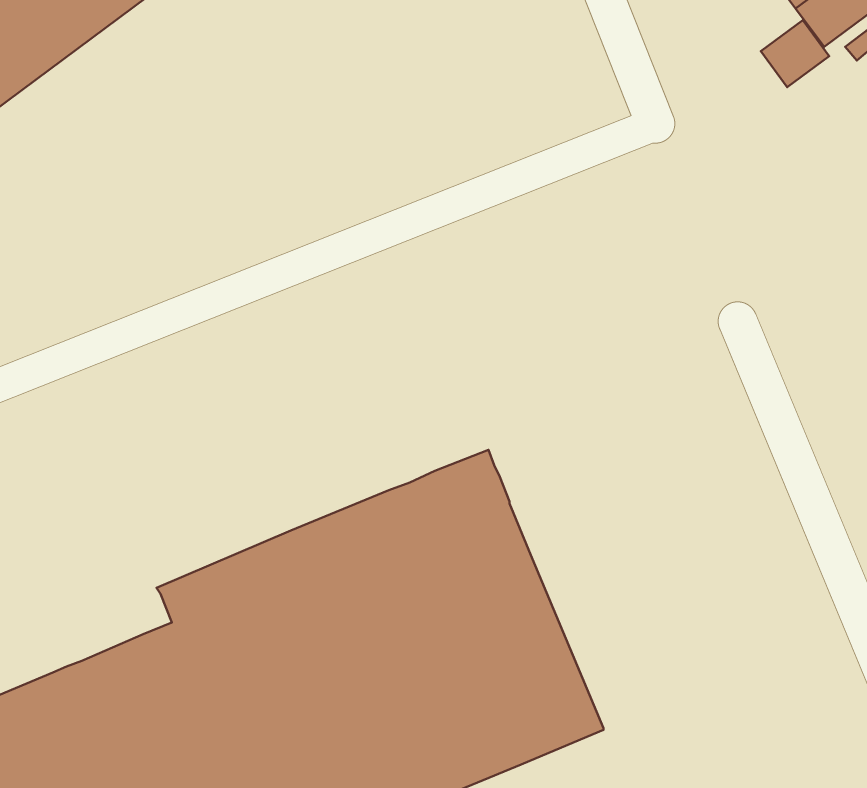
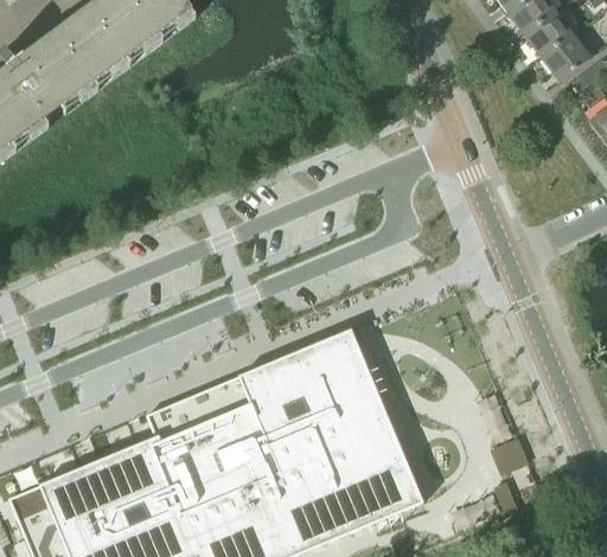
building: [761,20,829,87] -> none

